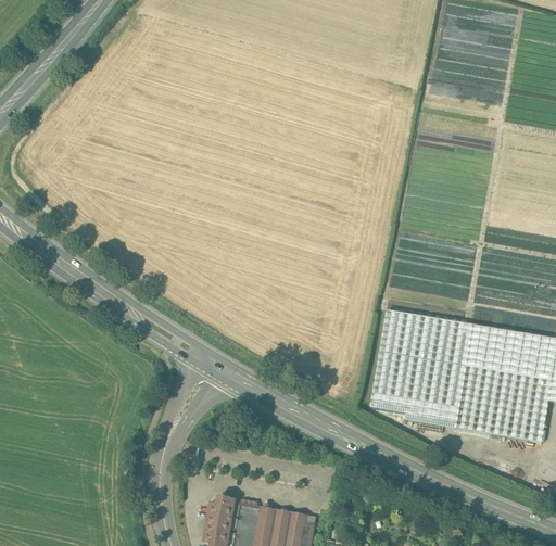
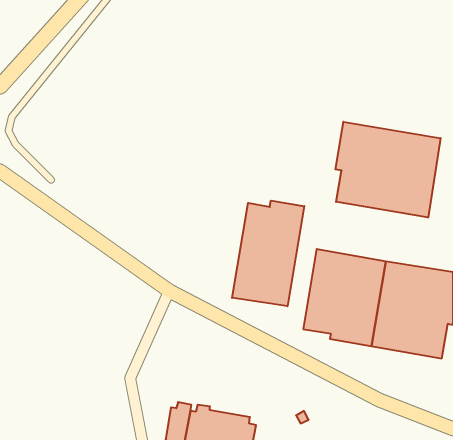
building: none -> [335,122,441,218]
building: none -> [232,201,304,306]

